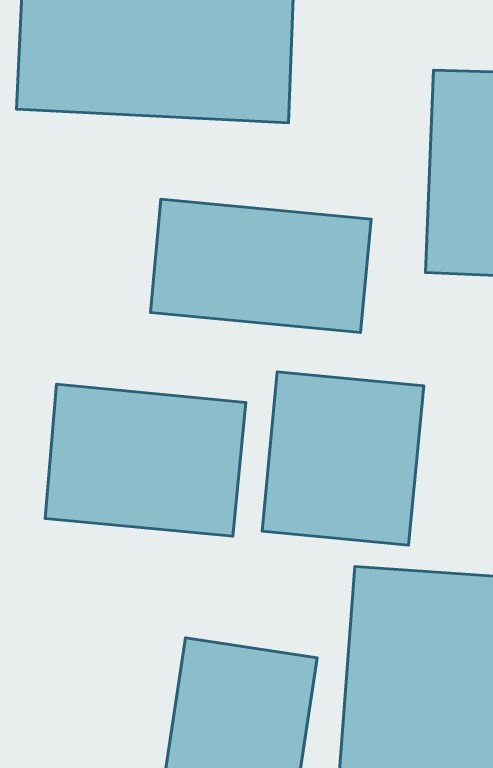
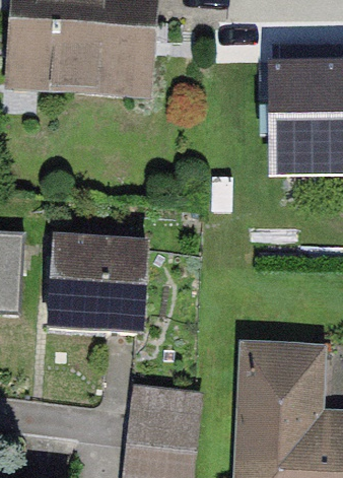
building: [150,199,371,333] -> none
building: [262,372,424,545] -> none

